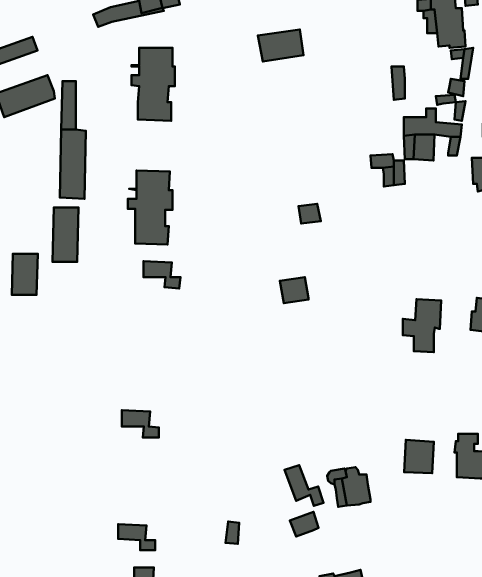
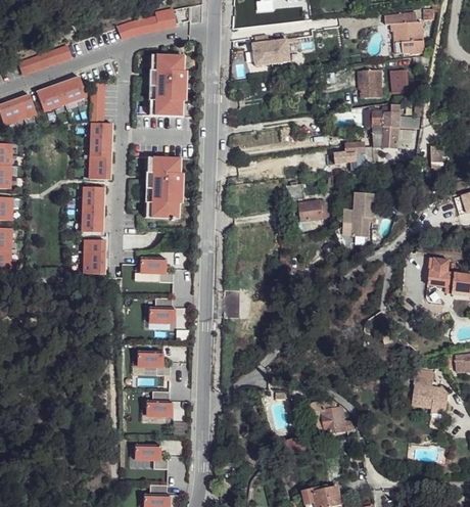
building: none -> [388,72,407,93]
building: [12,254,38,295] -> [85,239,106,273]
building: [143,261,180,288] -> [142,259,173,281]
building: [280,277,308,303] -> [299,199,323,221]
building: [403,299,441,352] -> [343,192,375,236]
building: none -> [150,296,173,322]
building: [404,440,434,473] -> none
building: none -> [147,389,170,415]
building: [285,465,323,506] -> none

